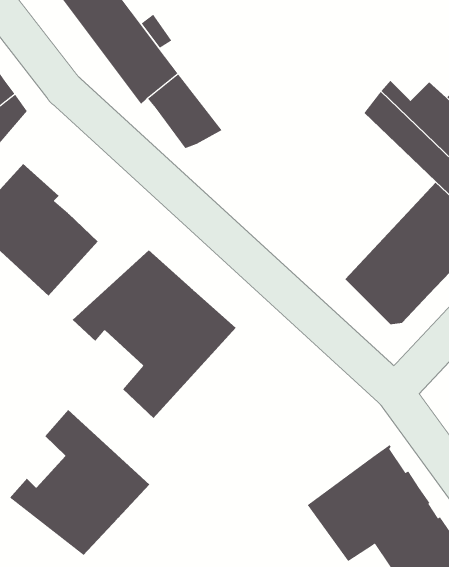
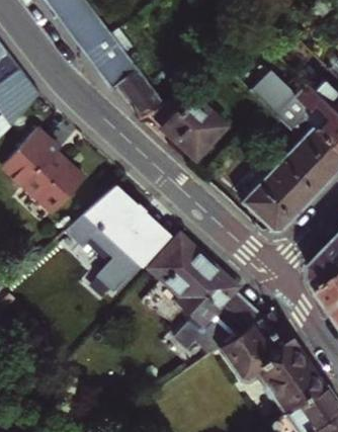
building: none -> [148,93,228,160]
building: none -> [146,235,261,357]
building: [9,409,150,556] -> none

